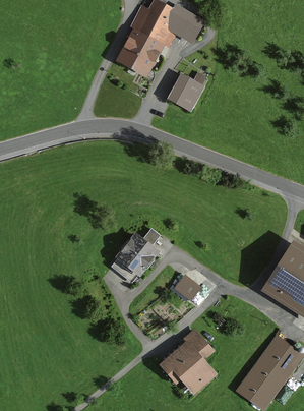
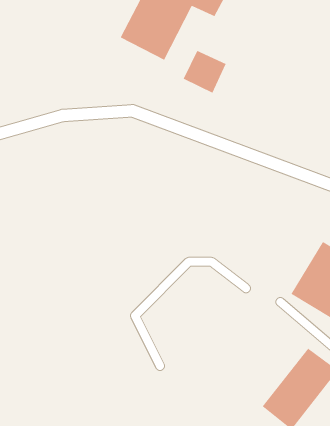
building: [111,233,158,283] -> none
building: [174,274,204,303] -> none
building: [164,332,215,395] -> none

